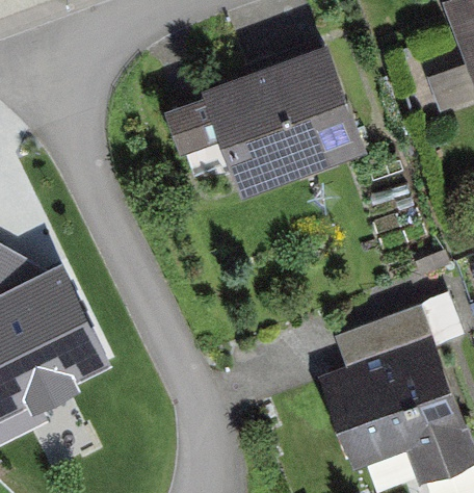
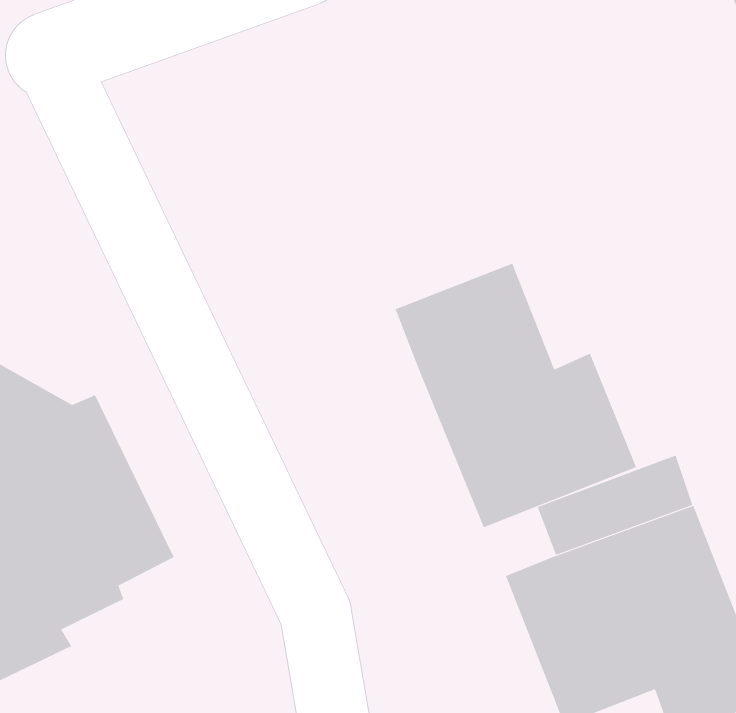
building: [169,54,363,197] -> none
building: none -> [395,263,637,528]

